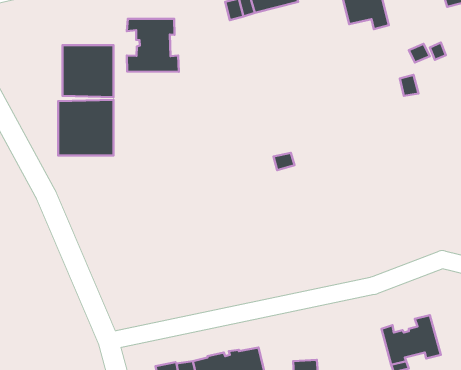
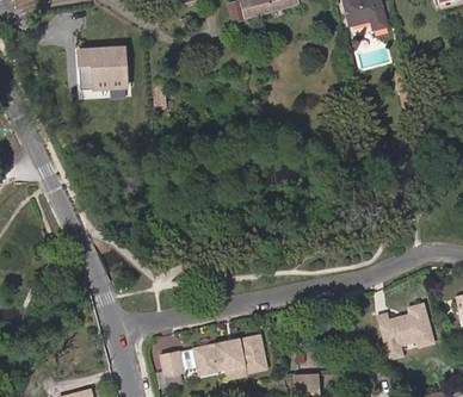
building: [127,19,179,72] -> none
building: [58,100,114,156] -> none

